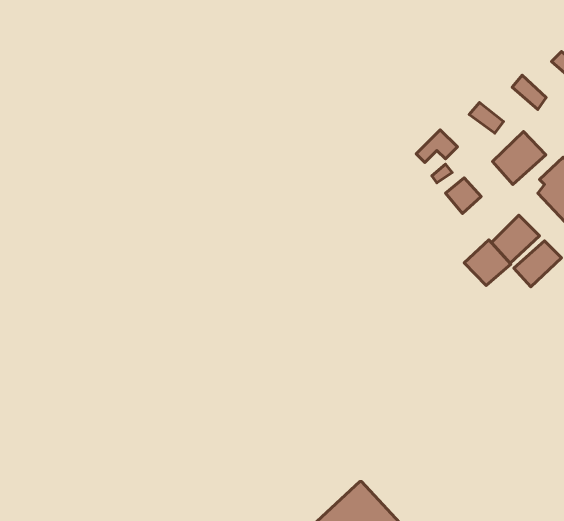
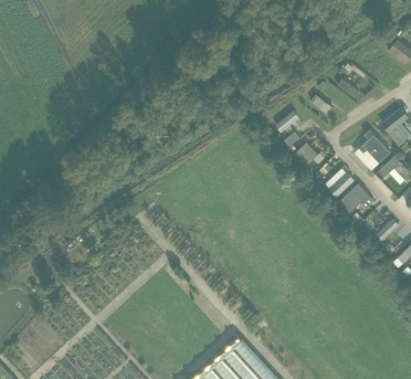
building: [493,131,546,185] -> none
building: [464,240,511,286] -> none

